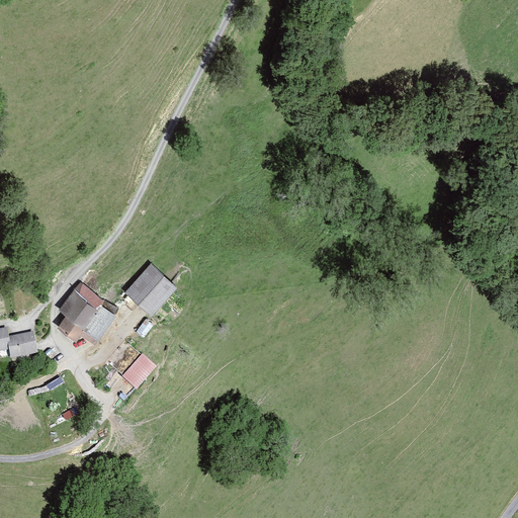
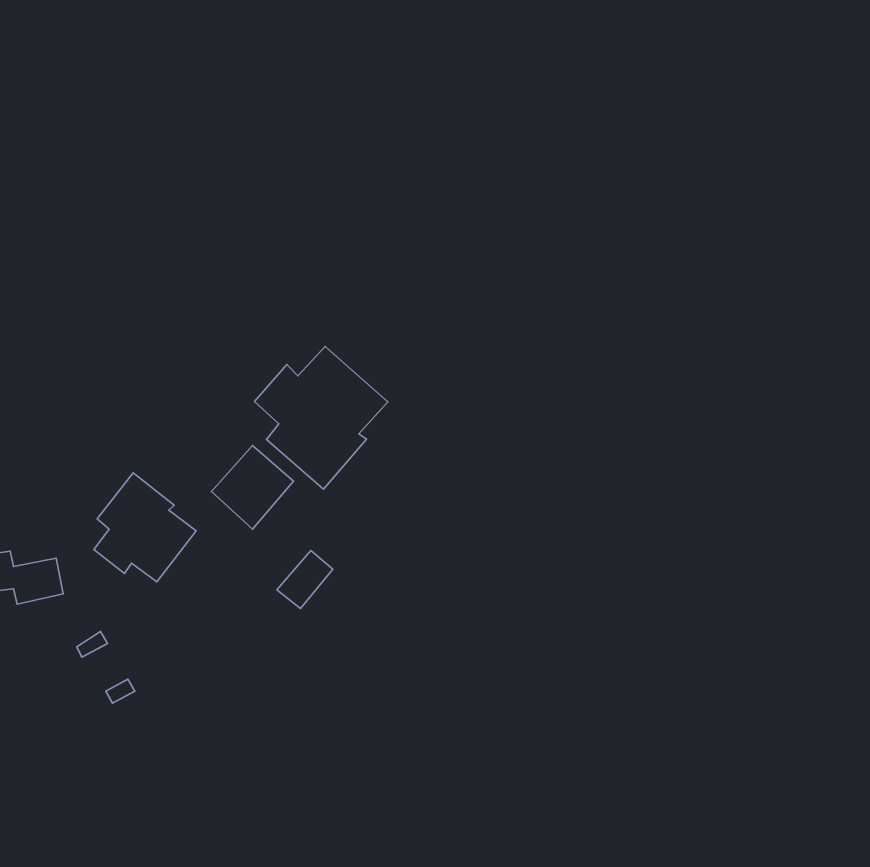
building: none -> [254,346,388,489]
building: [121,354,155,388] -> [277,550,333,608]

